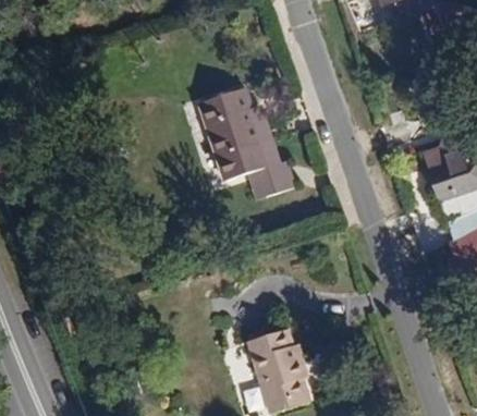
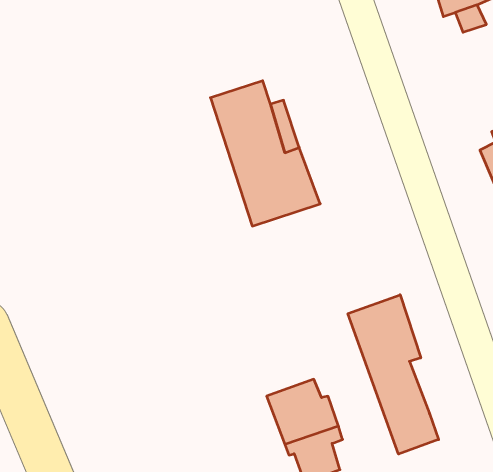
building: none -> [348,295,439,454]

